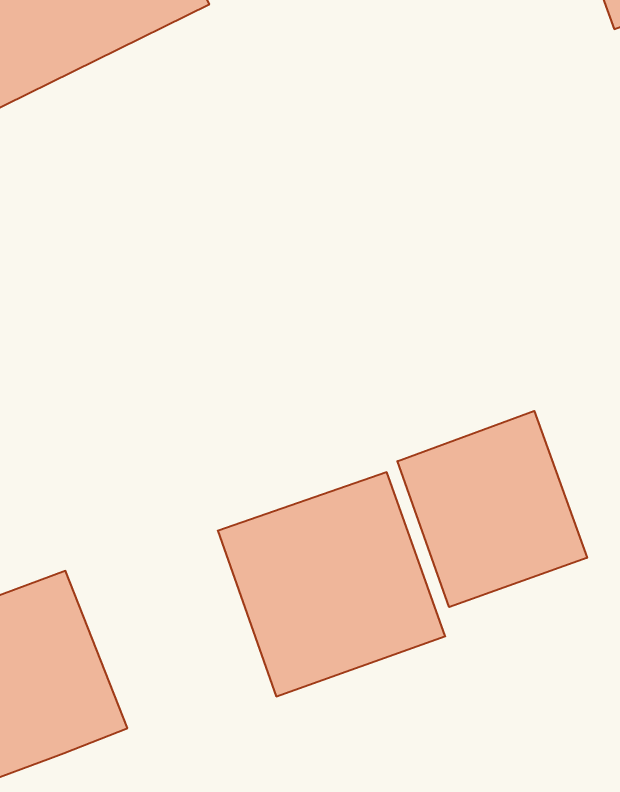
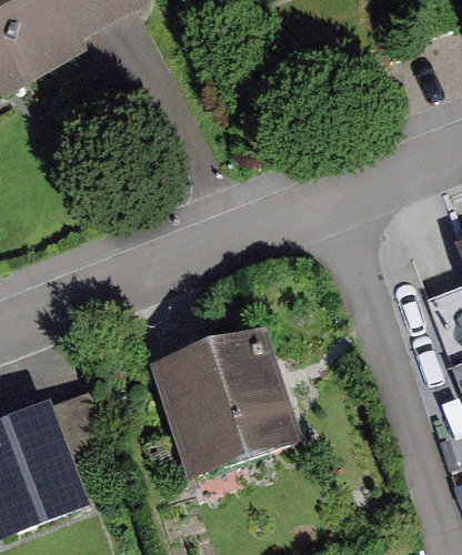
building: [397,411,587,607] -> none

